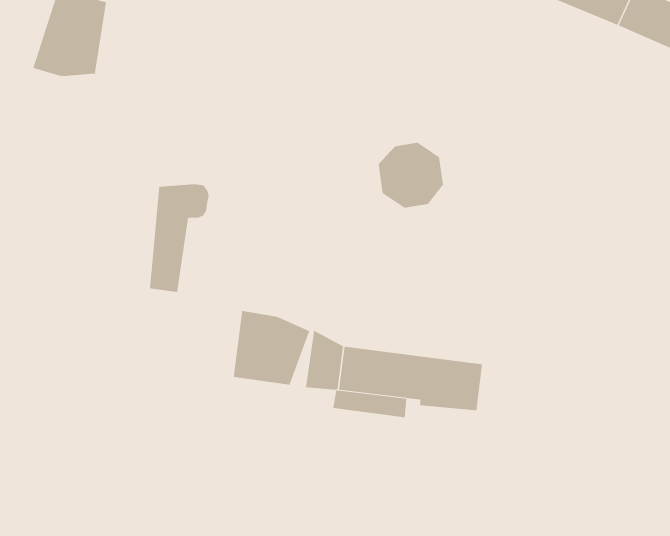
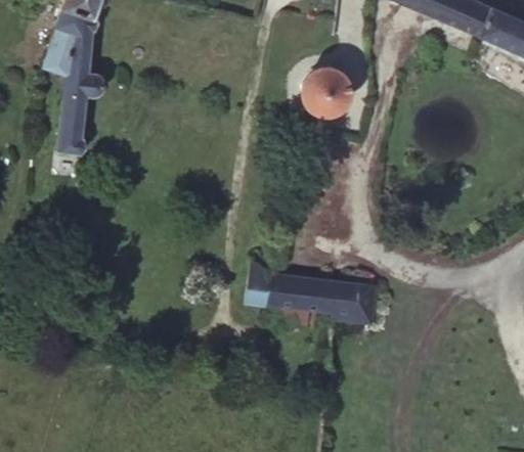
building: [378,142,444,208] -> [301,66,350,116]
building: [149,184,210,293] -> [57,72,102,152]
building: [233,310,313,386] -> none

